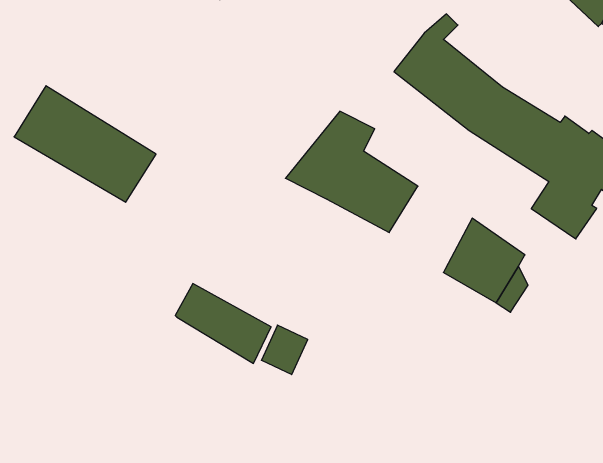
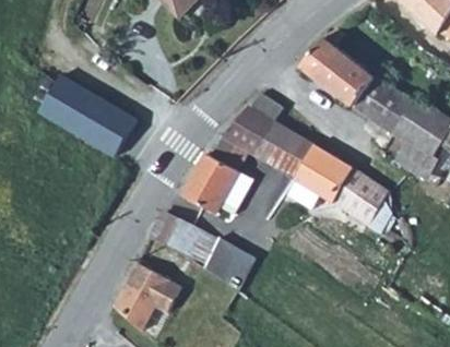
building: none -> [183,139,252,217]
building: none -> [288,144,352,208]
building: none -> [114,260,179,328]

